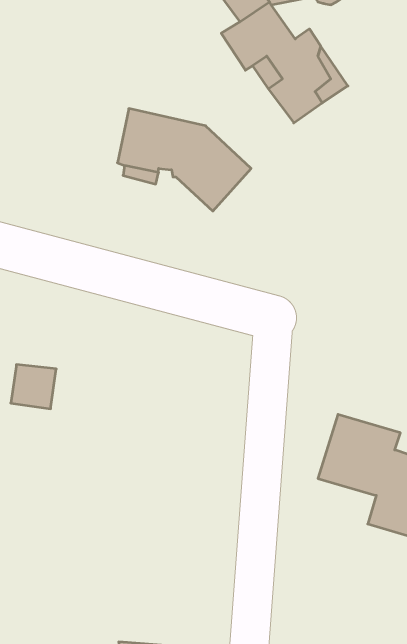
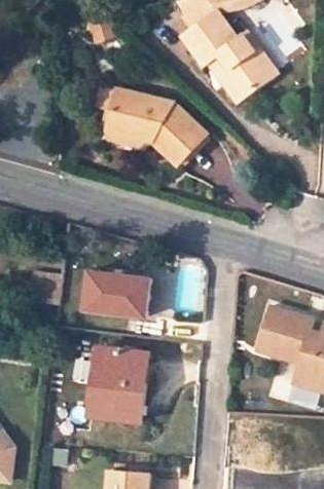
building: none -> [83,270,149,316]
building: none -> [88,346,147,421]

